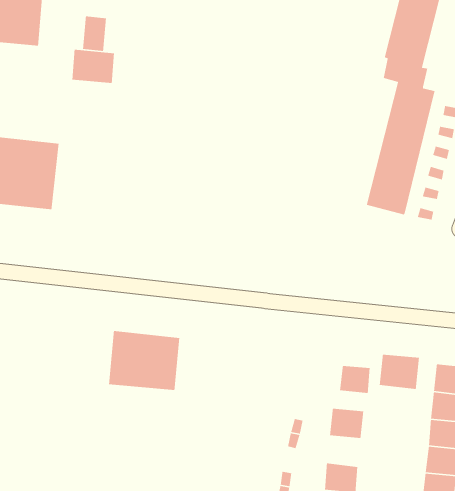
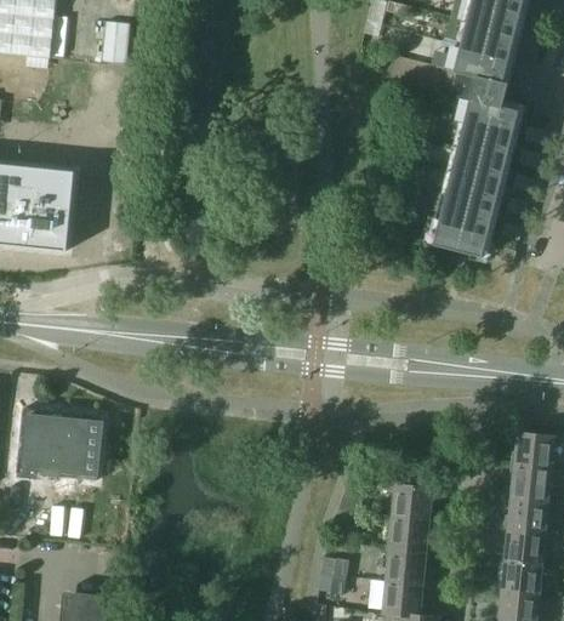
building: [71,49,115,84] -> none
building: [108,330,180,391] -> [16,409,101,480]
building: [379,354,420,390] -> none
building: [339,365,370,394] -> none
building: none -> [387,517,428,553]

